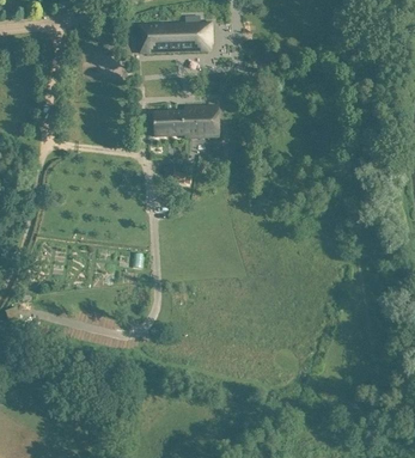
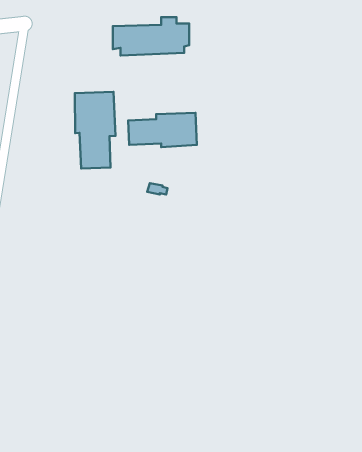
building: none -> [75,92,116,168]

